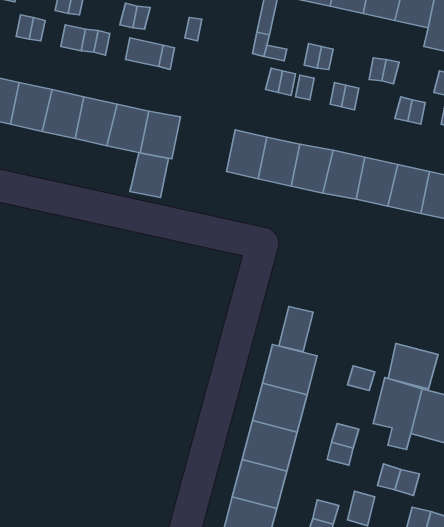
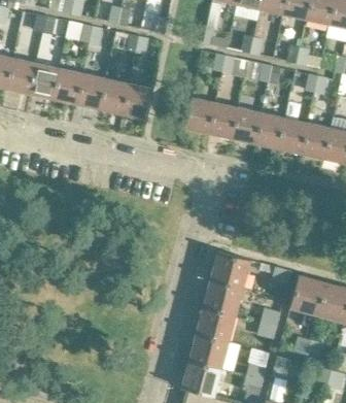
building: [130,153,168,198] -> none
building: [279,306,313,352] -> none
building: [388,344,438,389] -> none

